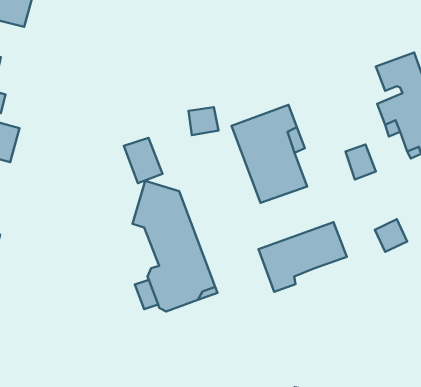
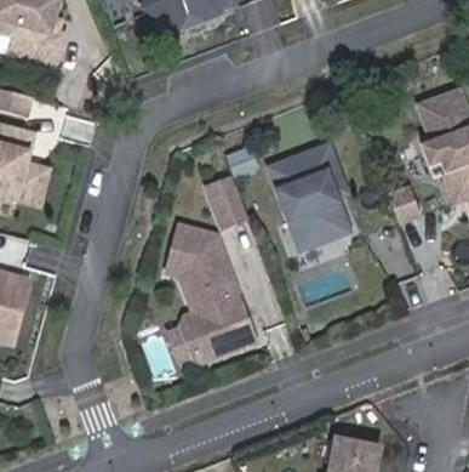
building: [124,138,162,183] -> [206,177,246,224]
building: [258,222,347,292] -> none

